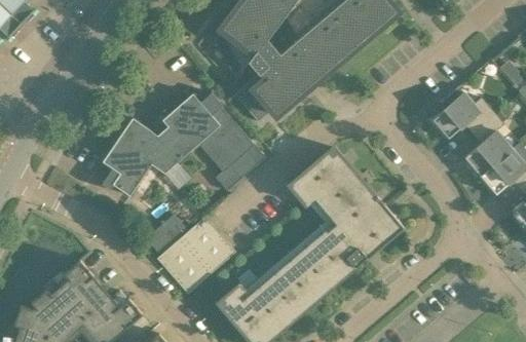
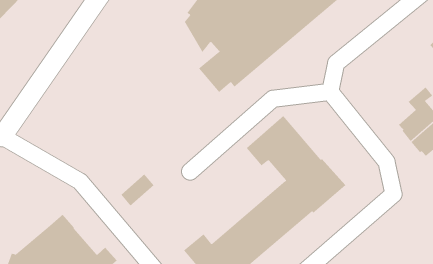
building: [101,91,265,194] -> none
building: [429,91,495,138] -> none
building: [157,216,235,293] -> none

